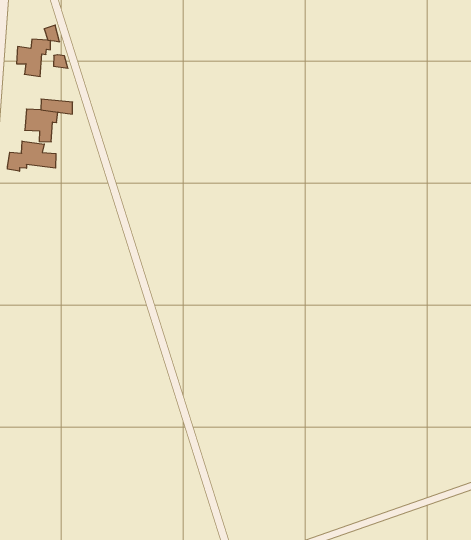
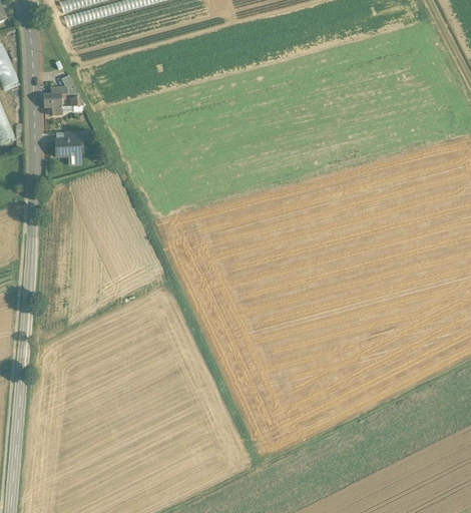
building: [8,141,56,171] -> none

